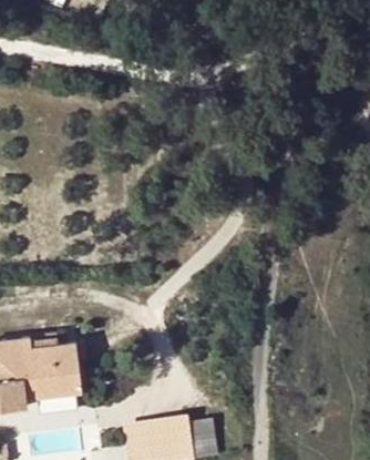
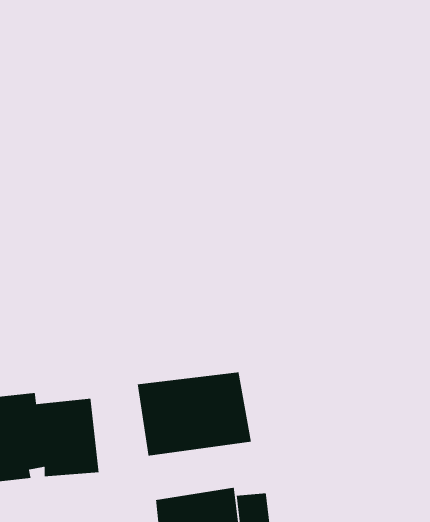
building: none -> [137,372,252,457]

